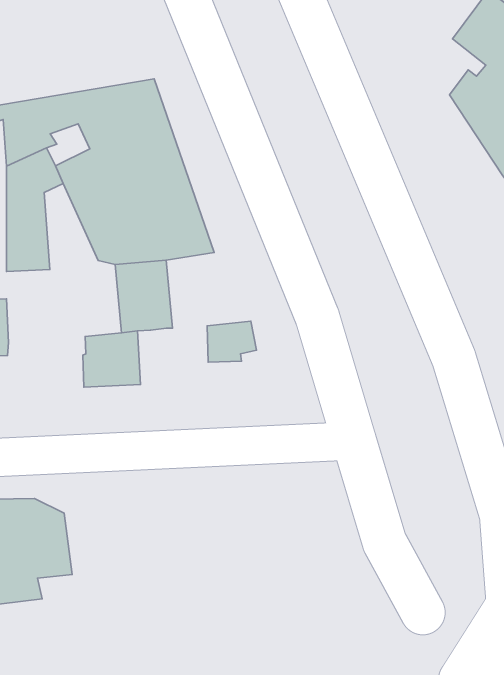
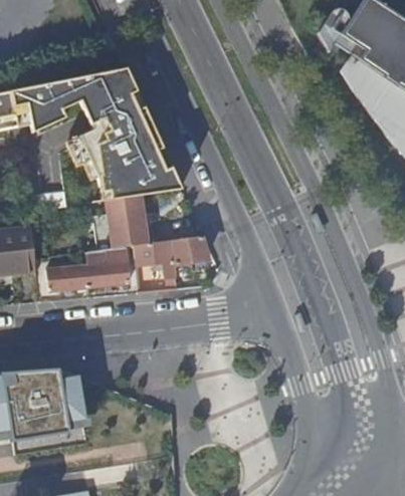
building: none -> [136,239,178,276]
building: none -> [49,264,91,289]

